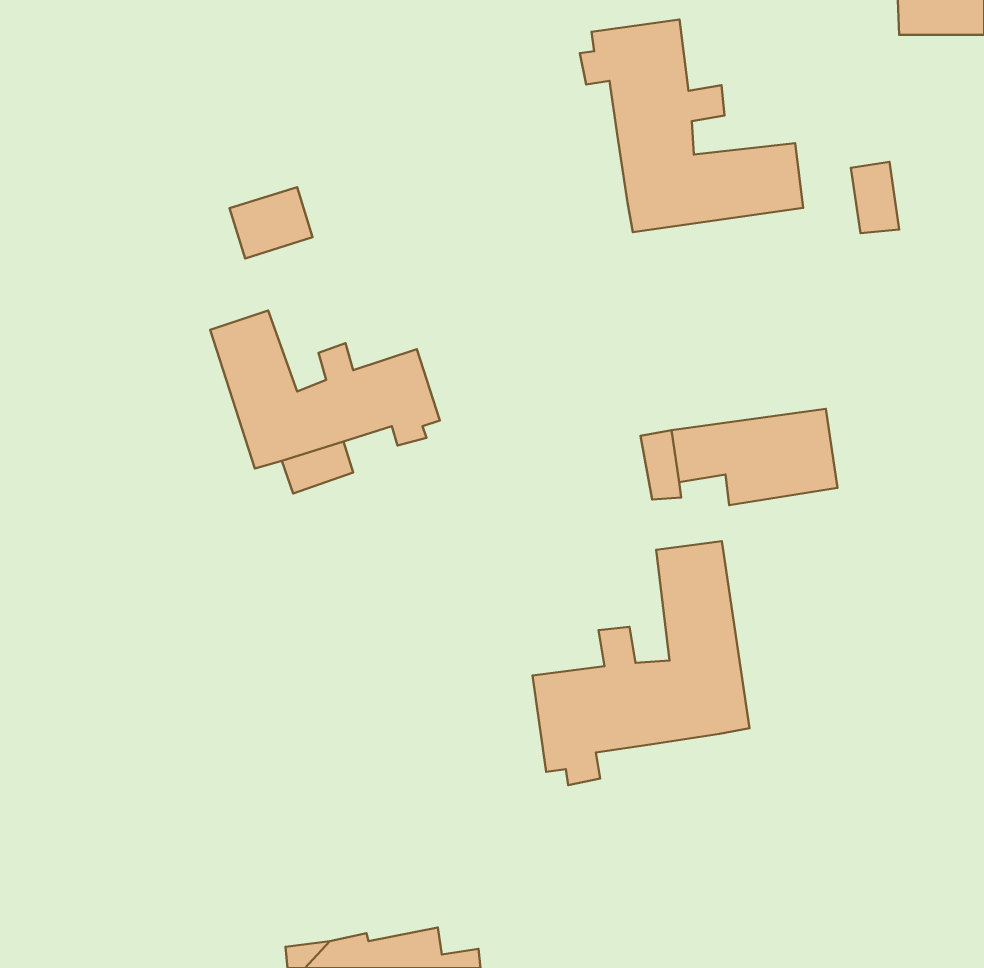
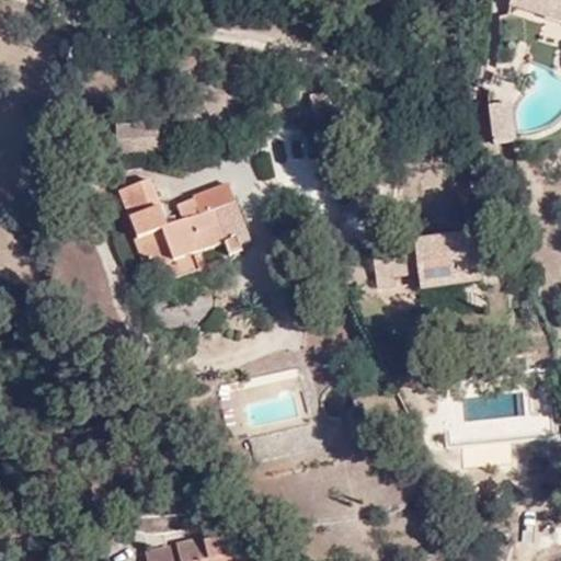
building: [580,20,803,232] -> none
building: [532,541,750,785] -> none

